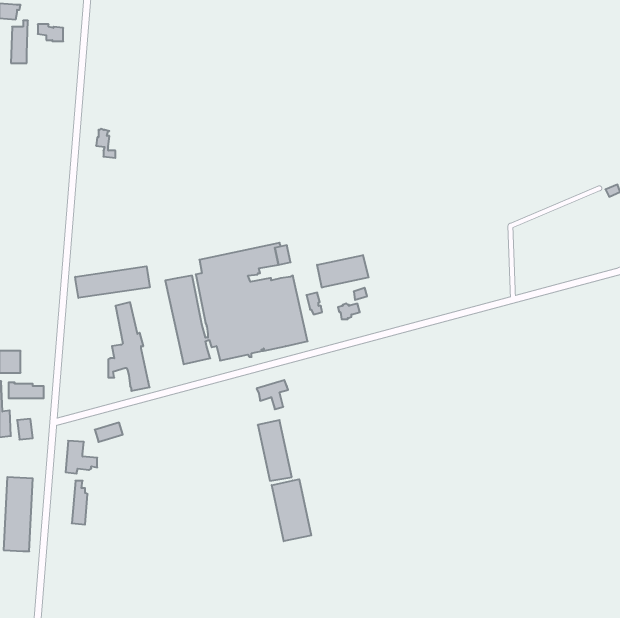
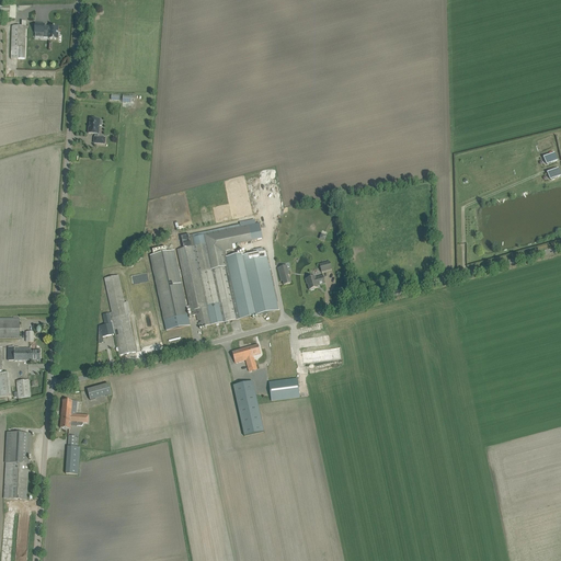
building: [317,255,369,288] -> none
building: [75,266,150,298] -> none
building: none -> [267,377,298,400]
building: [272,479,311,541] -> none

